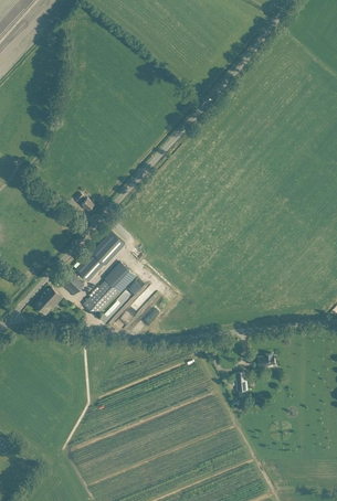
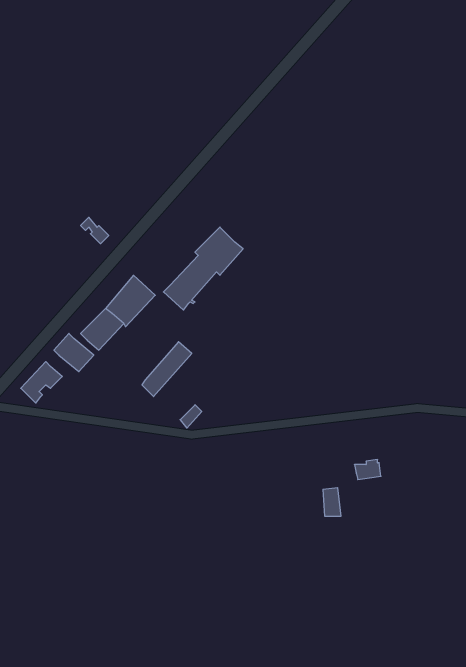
building: [82,263,135,318] -> [163,227,243,310]

